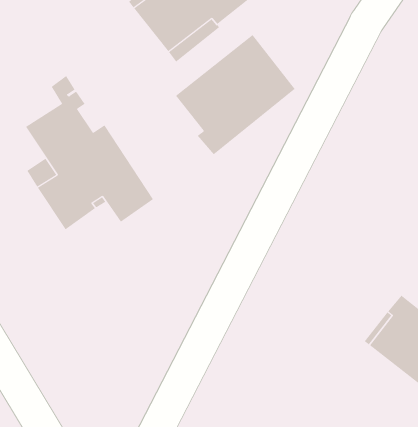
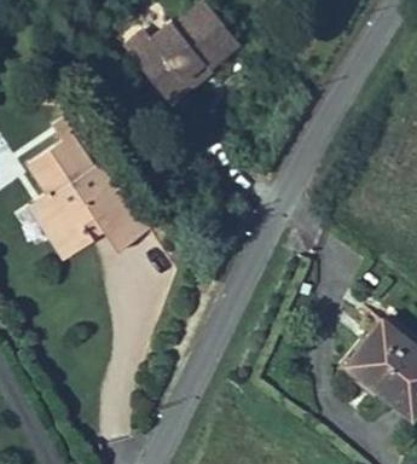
building: [175,34,296,155] -> none

